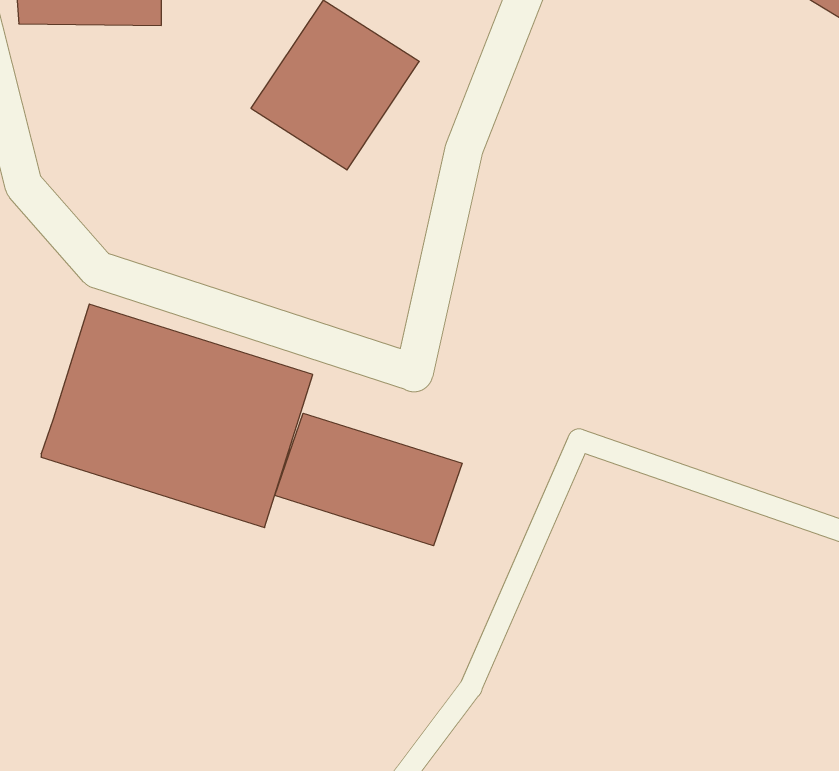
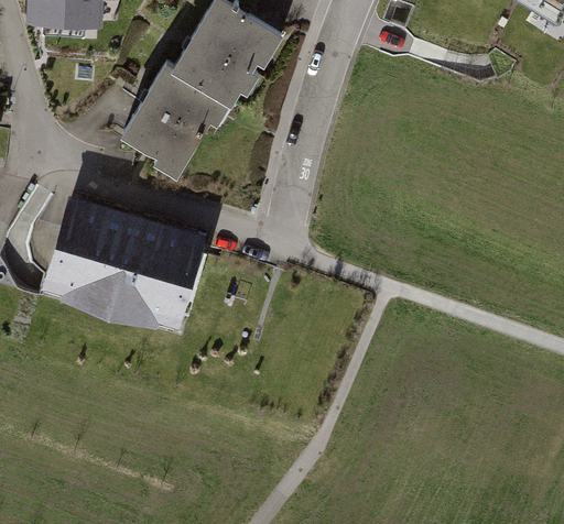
building: none -> [117,63,234,183]
building: [275,413,462,546] -> none

